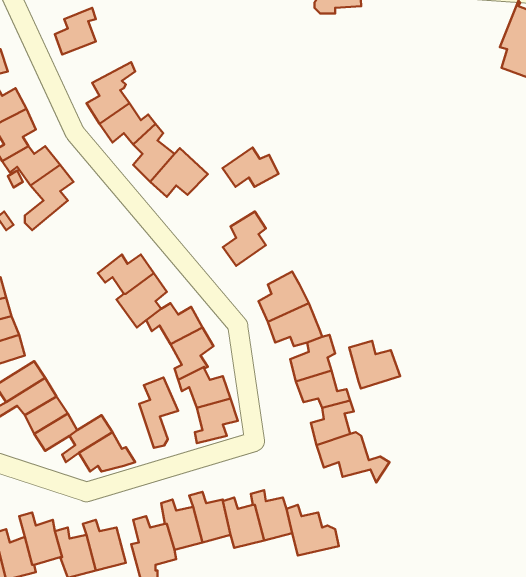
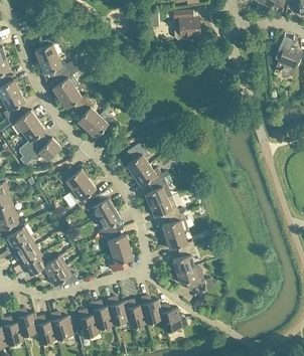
building: none -> [39,54,77,76]
building: [223,148,279,187] -> [133,164,163,185]
building: none -> [20,138,61,165]
building: [349,341,400,389] -> none
building: [139,378,178,448] -> none

